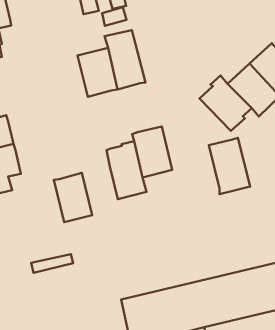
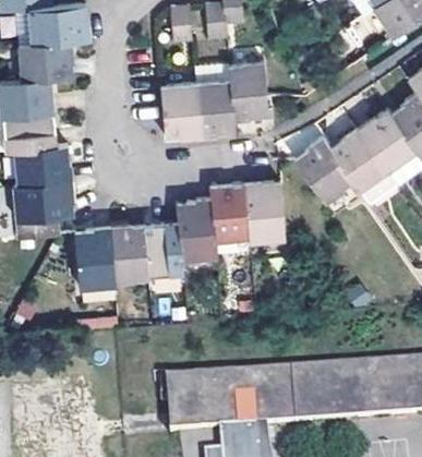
building: none -> [228,63,269,119]
building: [209,138,250,194] -> [245,181,286,243]
building: none -> [144,221,182,275]
building: none -> [75,227,114,287]

